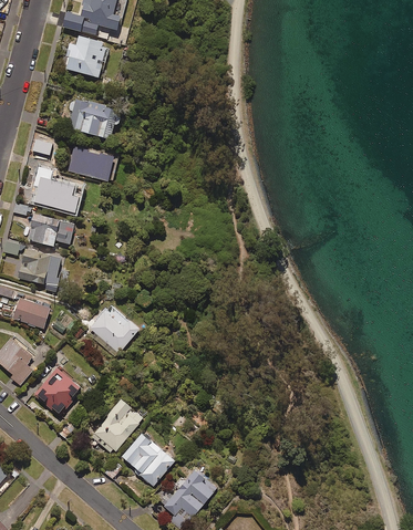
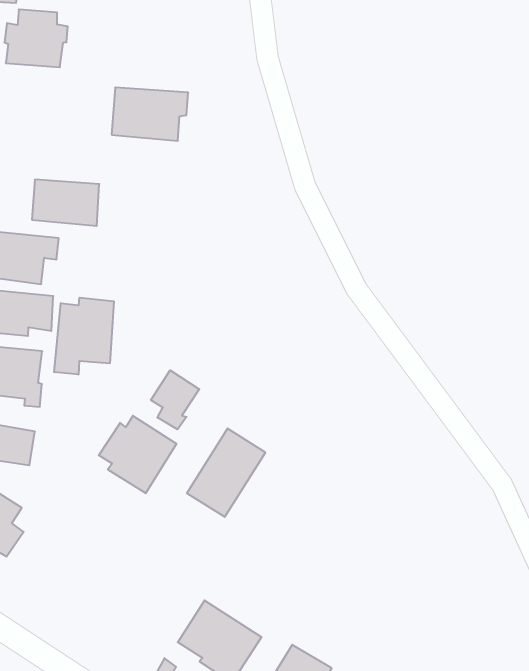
building: [69,98,122,138] -> [112,88,188,141]
building: none -> [54,298,114,375]
building: none -> [151,370,199,429]
building: [33,364,82,415] -> none
building: [90,398,144,455] -> [187,429,265,517]

